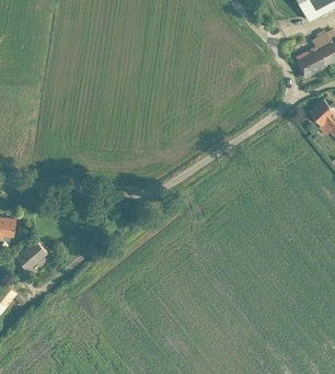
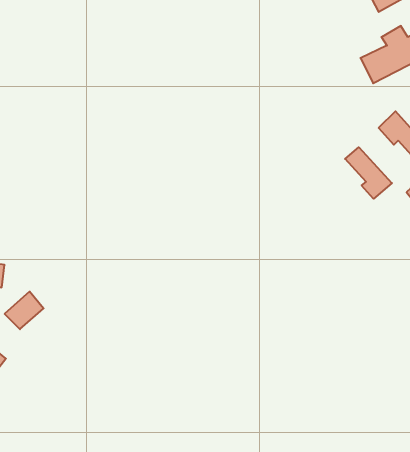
building: none -> [345,147,392,199]

